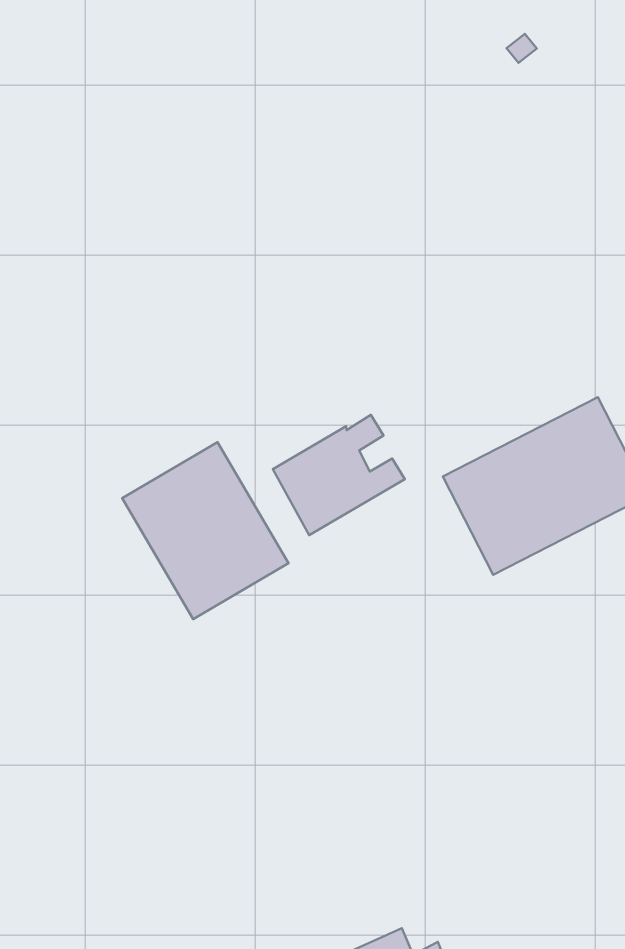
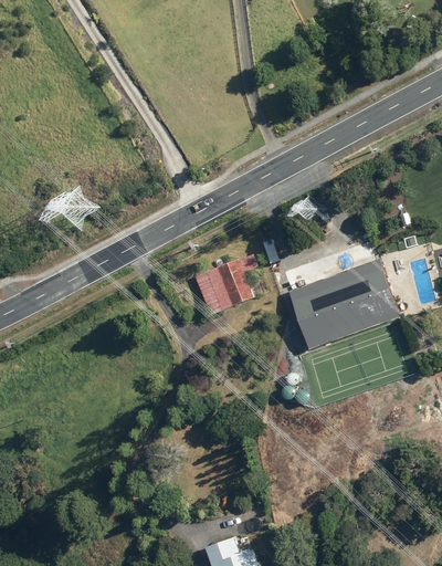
building: [122,442,288,619] -> none

